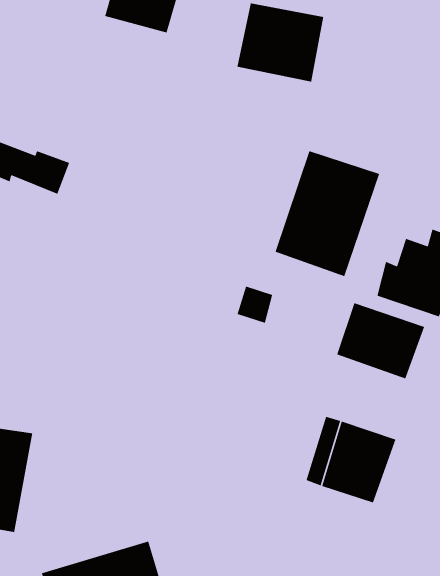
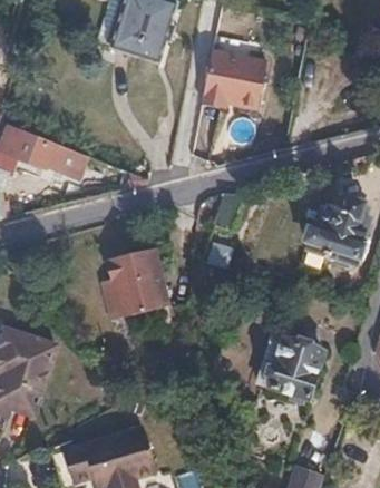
building: [274,150,380,277] -> none
building: none -> [92,251,158,321]
building: [336,302,425,380] -> none

